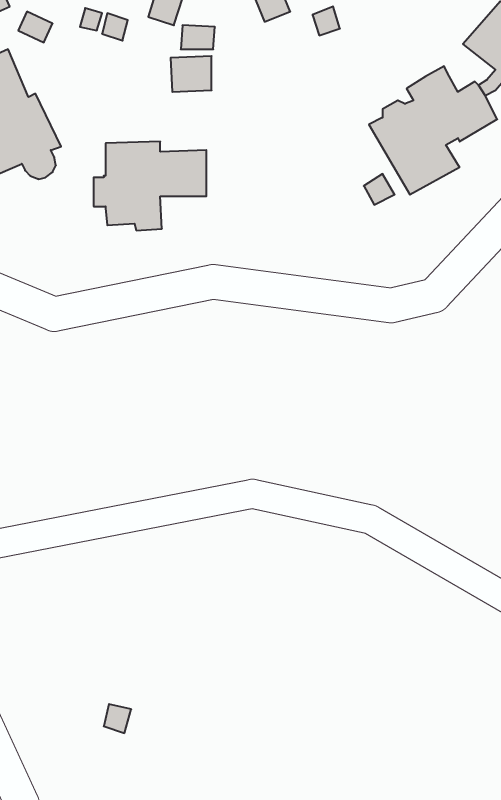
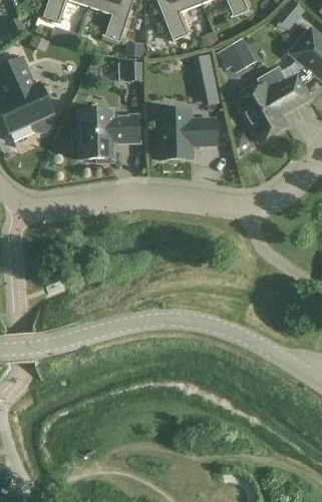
building: none -> [217,38,256,73]
building: none -> [193,53,221,106]
building: none -> [158,110,217,158]

